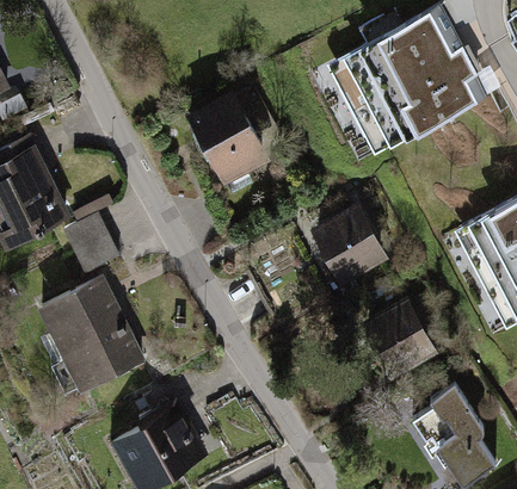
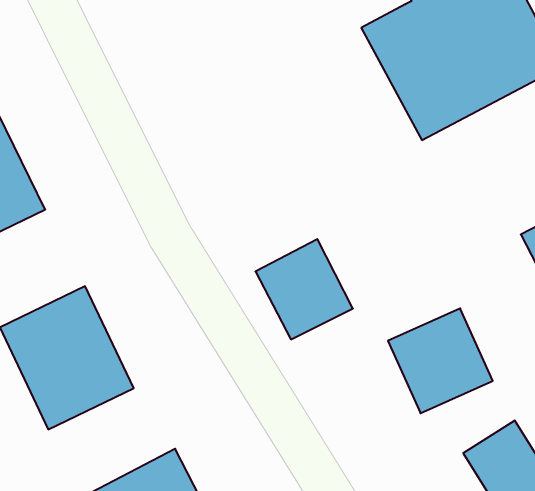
building: [186,89,270,184] -> none
building: [307,202,386,283] -> [255,239,353,339]
building: [69,204,122,272] -> none

